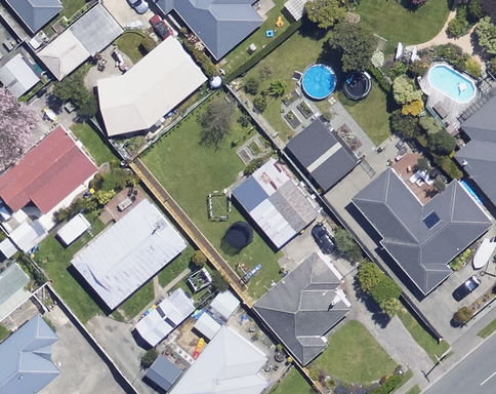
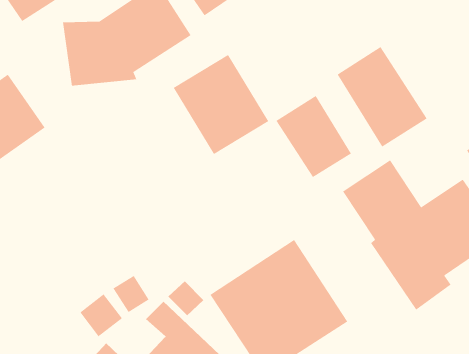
building: none -> [337,46,428,148]
building: [233,159,319,247] -> [173,54,269,155]
building: [74,197,188,308] -> none

